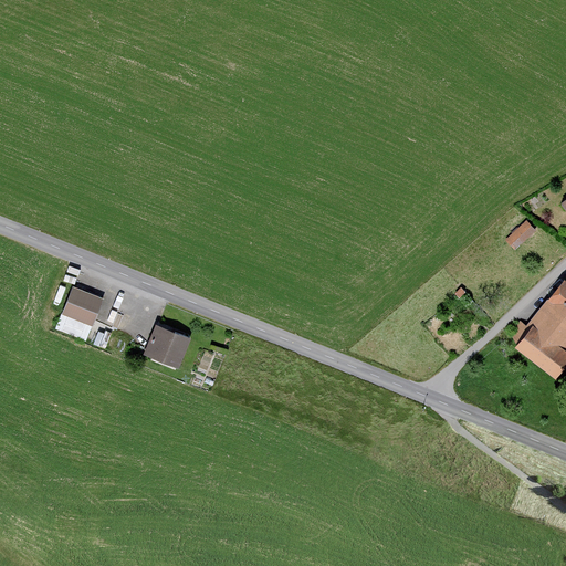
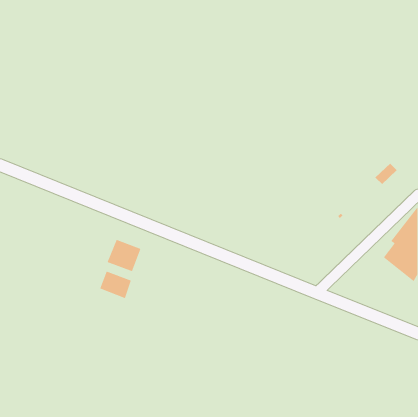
building: [63,276,104,326] -> none
building: none -> [99,271,132,299]

